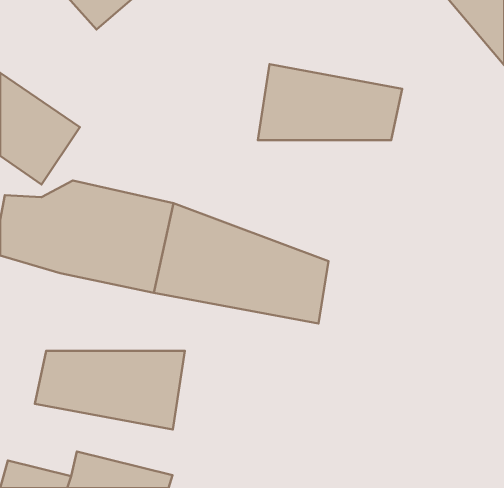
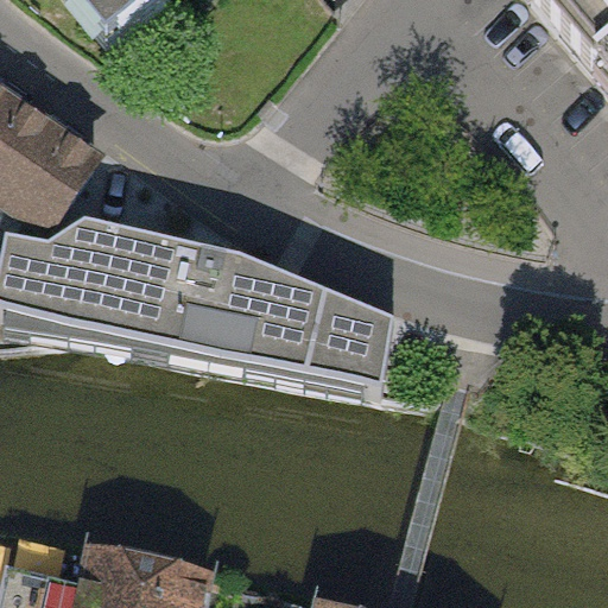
building: [258,64,402,140] -> none
building: [35,351,185,429] -> none

